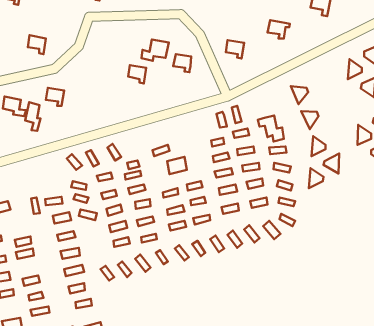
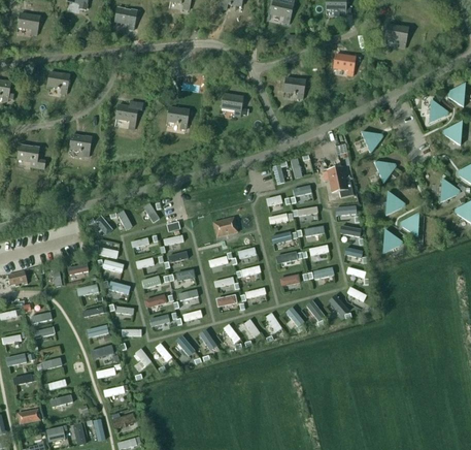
building: [141,40,169,61] -> none
building: none -> [115,101,143,131]
building: [25,102,40,131] -> none

